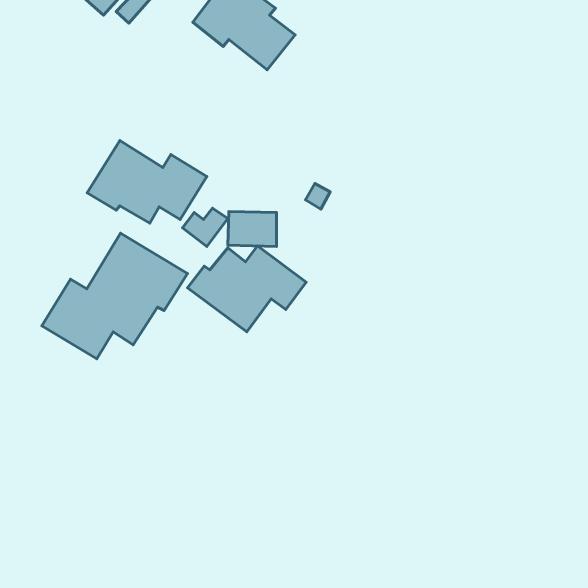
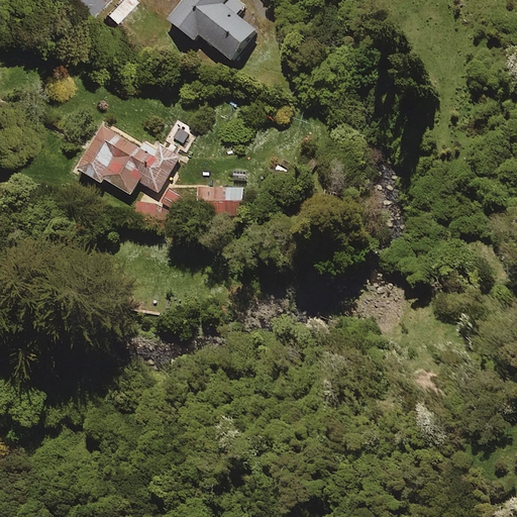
building: [42,233,187,359] -> none
building: [187,246,306,332] -> none

